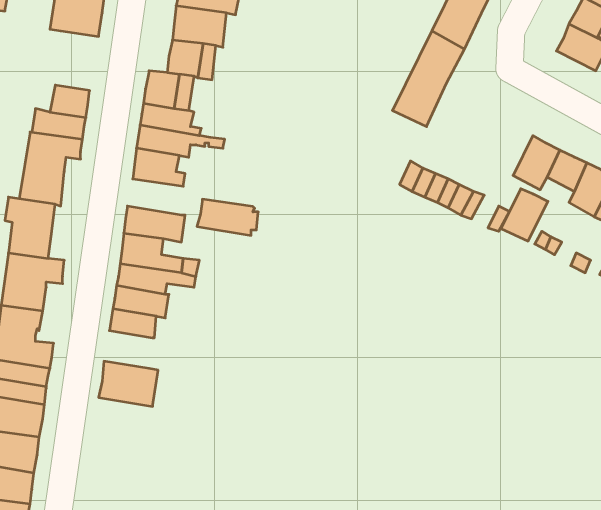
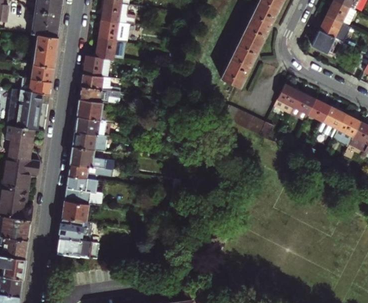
building: none -> [33,33,58,66]
building: [501,189,548,241] -> [273,84,299,113]
building: [197,199,258,235] -> [74,115,108,135]
building: none -> [61,199,88,220]
building: none -> [56,236,90,257]

